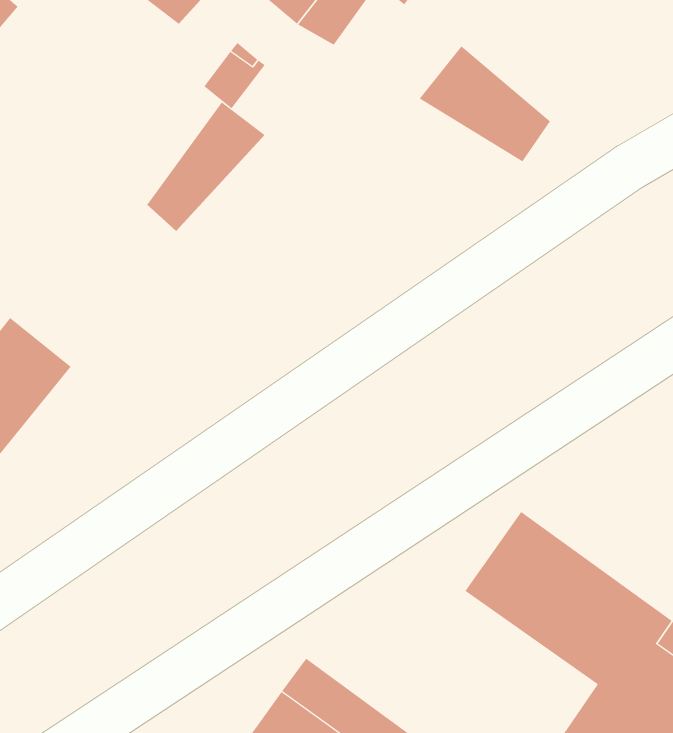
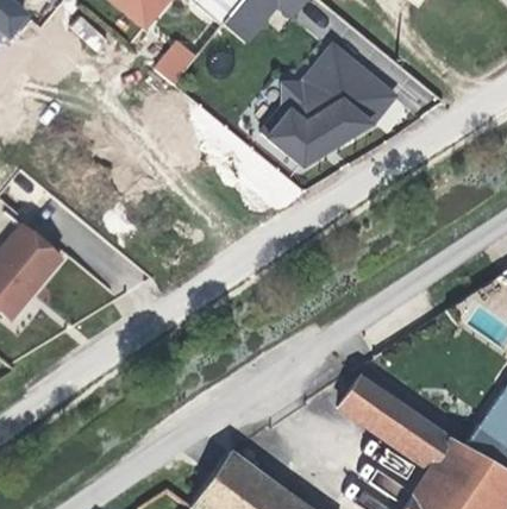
building: none -> [254,76,377,172]
building: [146,101,265,232] -> none

